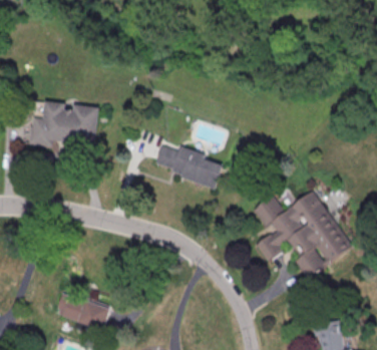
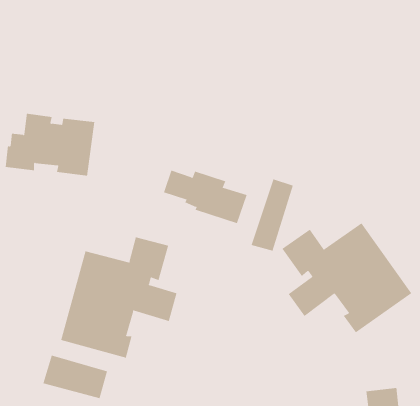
building: none -> [251,178,294,252]
building: none -> [60,236,177,358]

